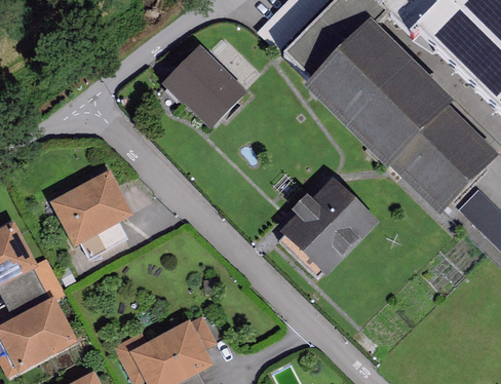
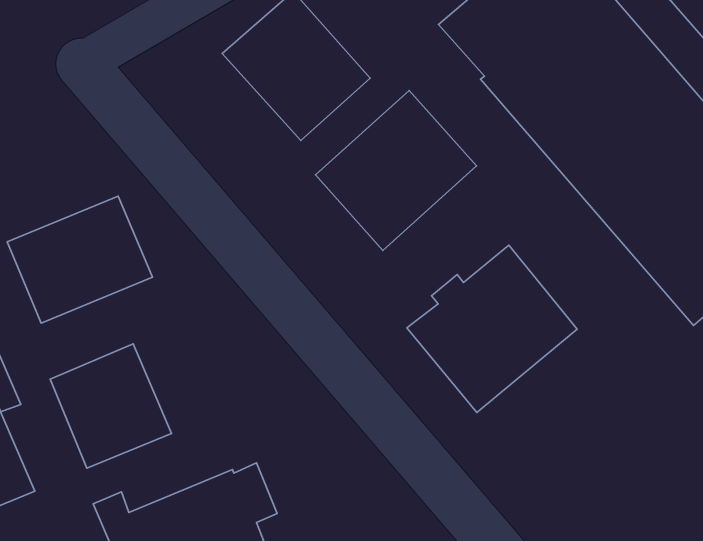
building: none -> [316,90,476,250]
building: none -> [50,344,171,468]

